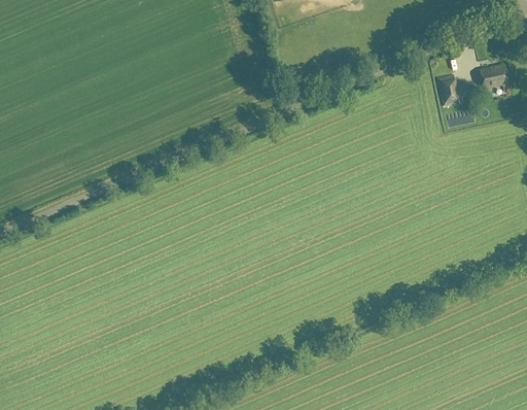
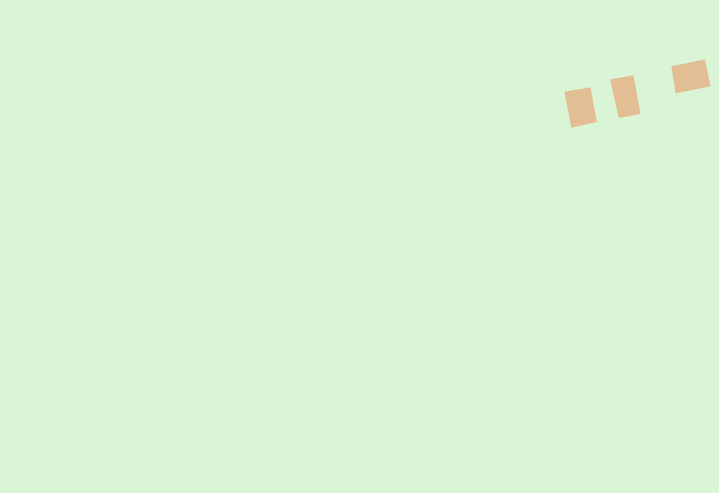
building: none -> [564,86,597,129]

